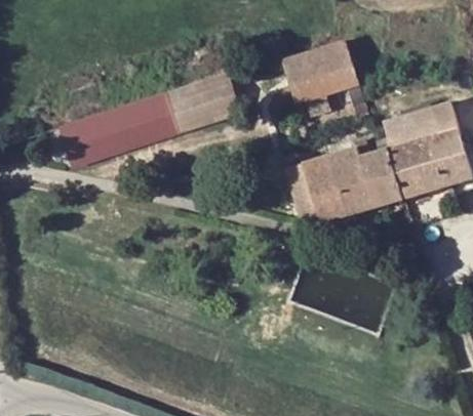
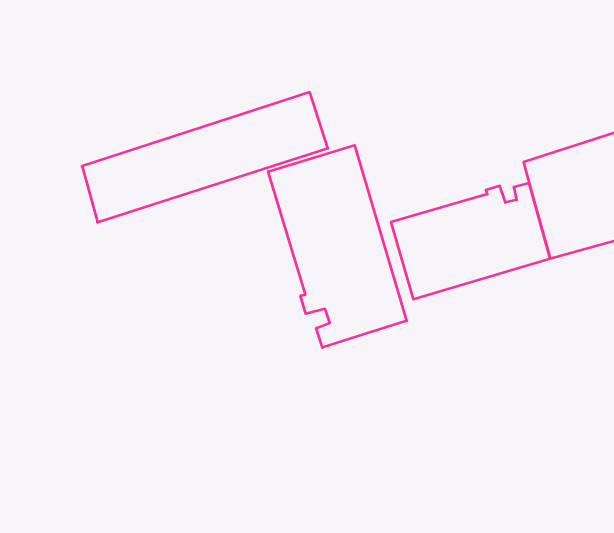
building: [283,40,370,118] -> none
building: none -> [268,145,407,348]

